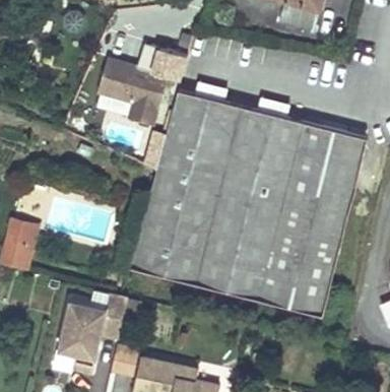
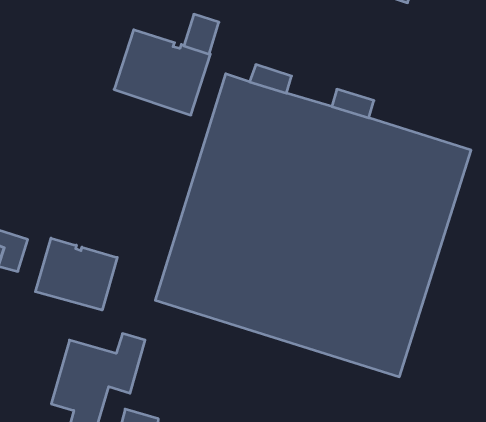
building: none -> [35,238,117,310]

